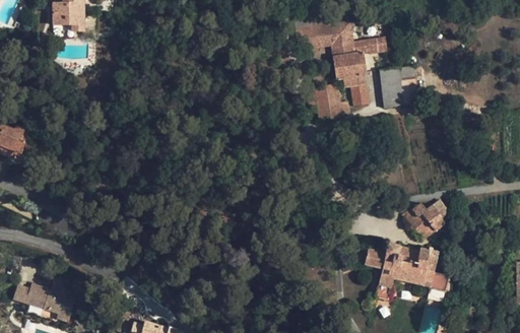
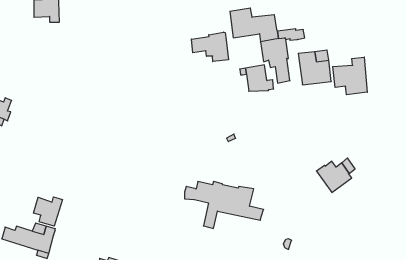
building: none -> [191,32,228,62]
building: none -> [333,57,367,95]
building: [352,243,450,301] -> [185,182,264,228]
building: none -> [33,197,63,226]

